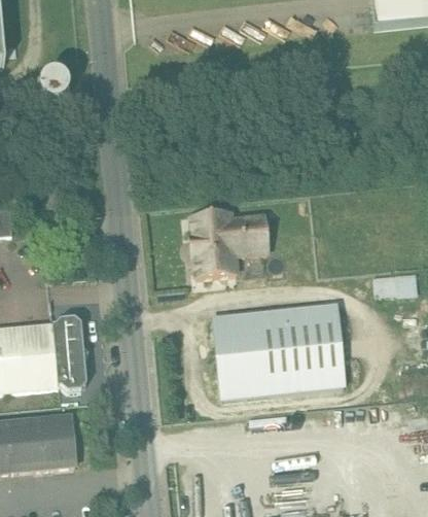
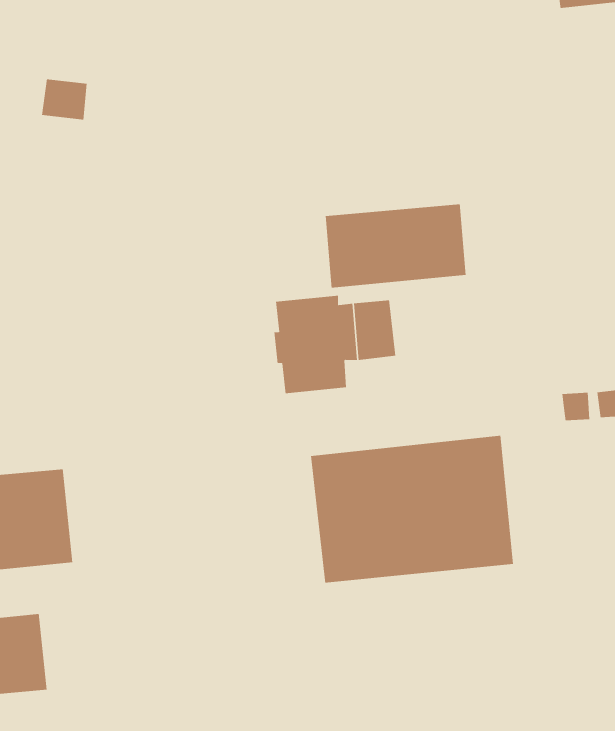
building: none -> [325,204,466,289]
building: [52,314,87,390] -> none
building: [37,415,75,468] -> none

